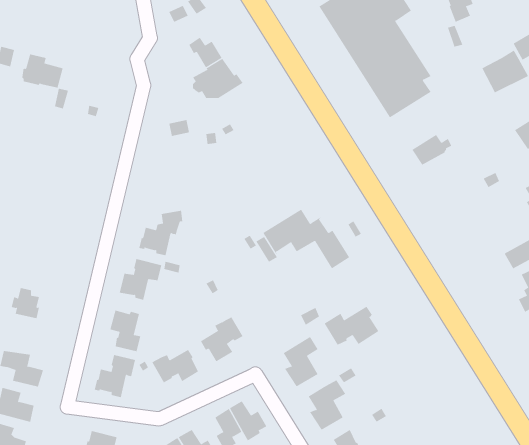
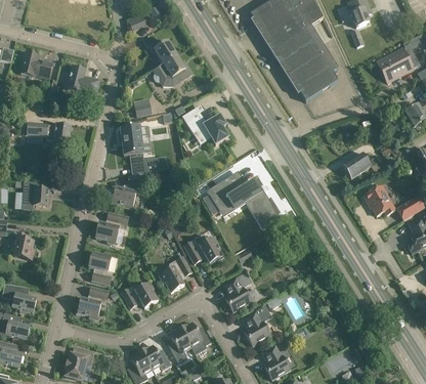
building: none -> [67,63,99,94]
building: none -> [186,108,228,145]
building: [411,134,452,166] -> [344,153,376,177]
building: none -> [27,121,71,143]
building: none -> [120,126,168,173]
building: none -> [14,180,49,209]
building: none -> [364,184,395,215]
building: none -> [184,233,224,263]
building: [324,306,379,346] -> none

